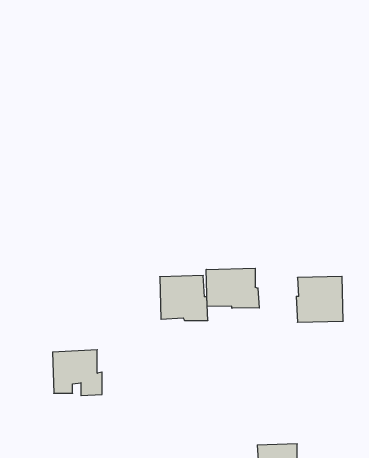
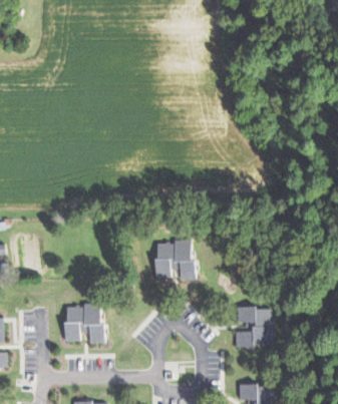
building: [206,268,259,308] -> none
building: [296,276,343,322] -> [234,307,274,346]

